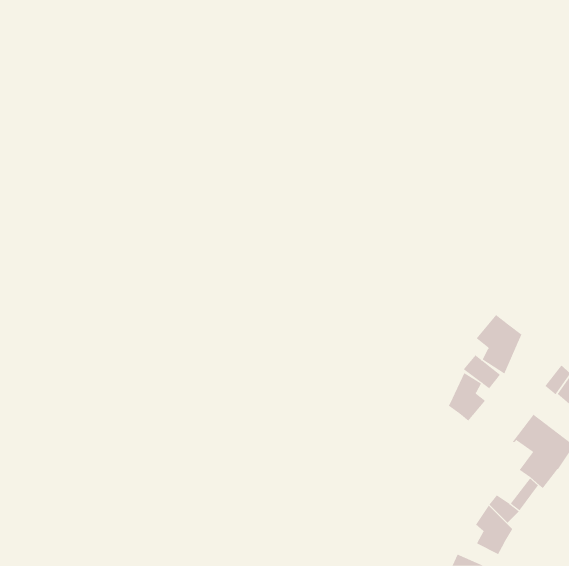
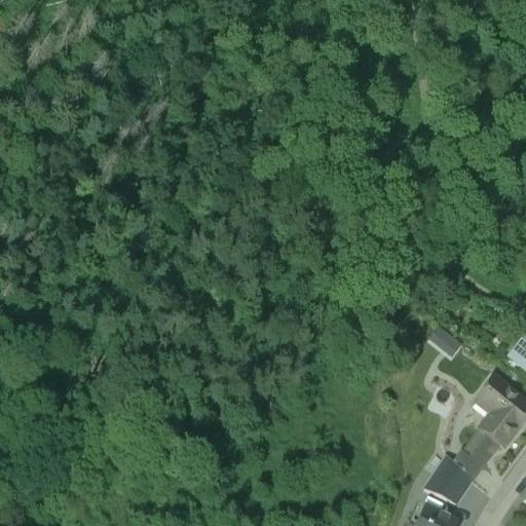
building: [476,314,522,374] -> none
building: [448,372,486,421] -> none

